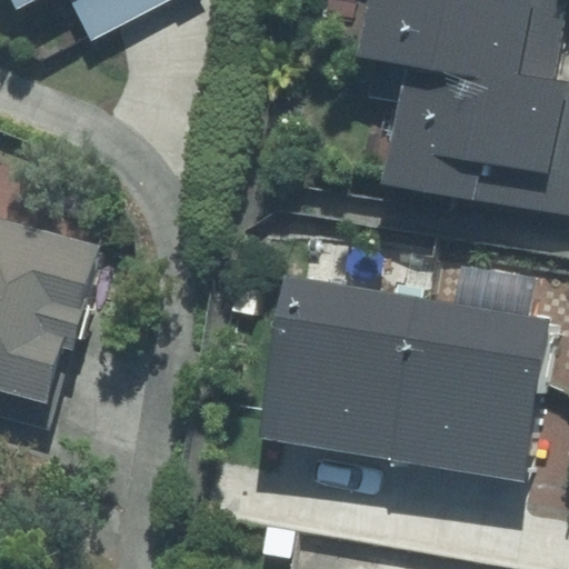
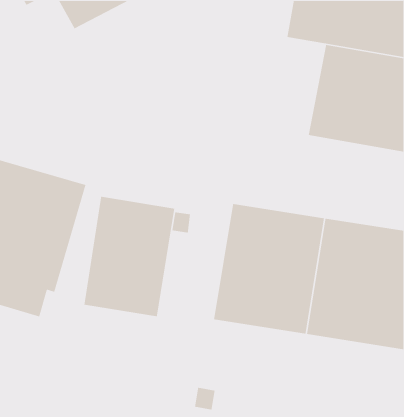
building: none -> [84,196,175,317]

